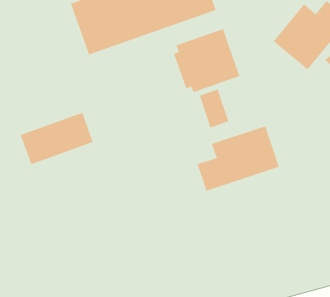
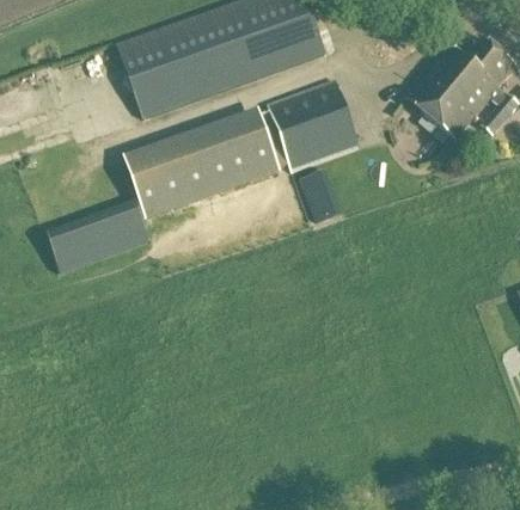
building: none -> [124,109,280,220]
building: [197,126,280,192] -> none

